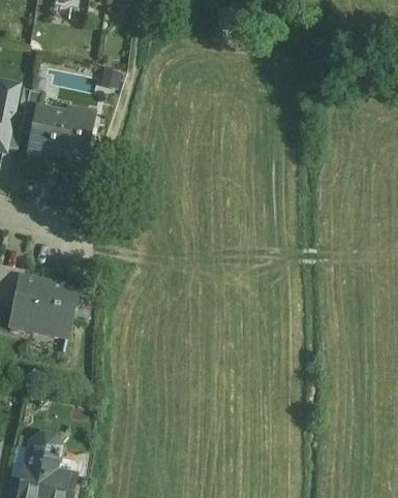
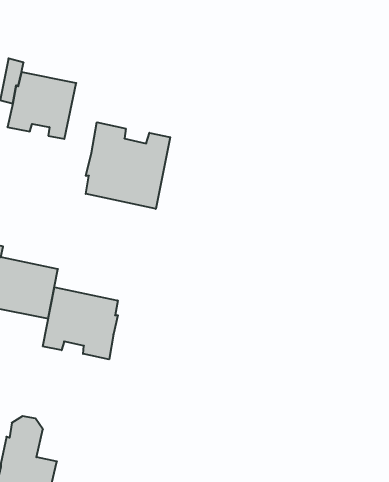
building: none -> [86,122,170,209]
building: none -> [43,287,118,359]

